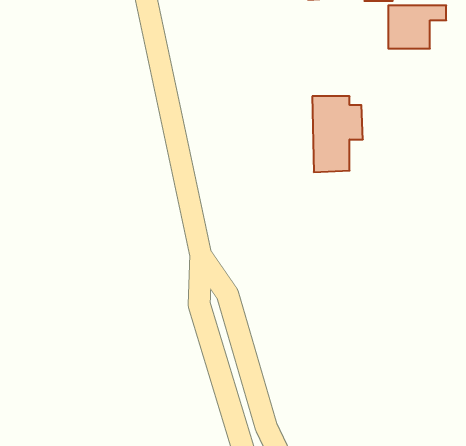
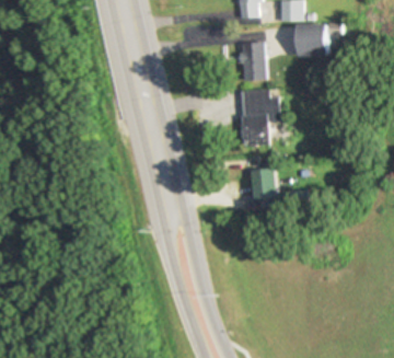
building: none -> [242,43,266,80]
building: none -> [253,169,278,199]

